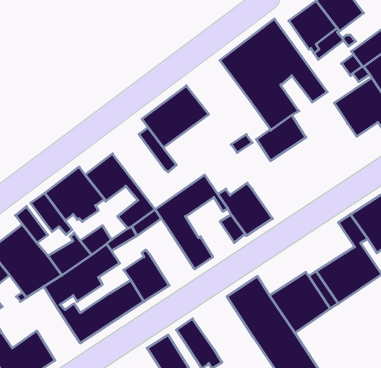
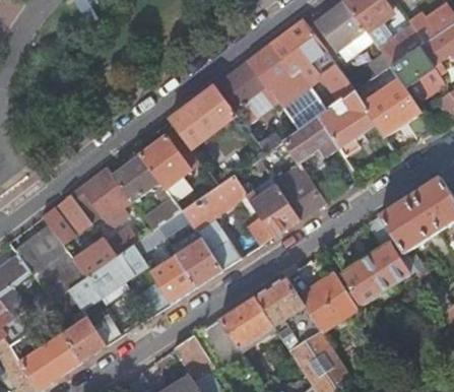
building: none -> [213,61,277,126]
building: none -> [319,92,375,156]
building: none -> [139,135,191,189]
building: none -> [270,161,325,219]
building: none -> [176,230,221,286]
building: none -> [219,298,280,350]
building: none -> [63,309,107,362]

